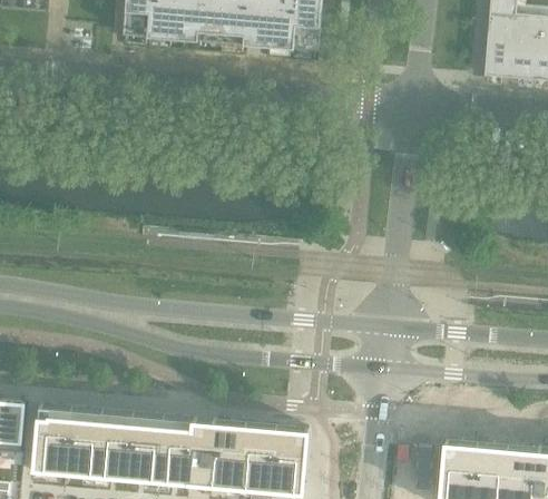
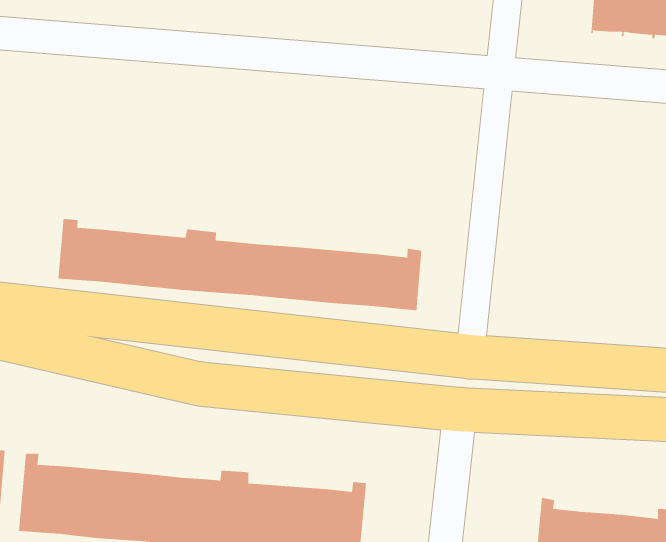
building: none -> [58,218,422,311]

